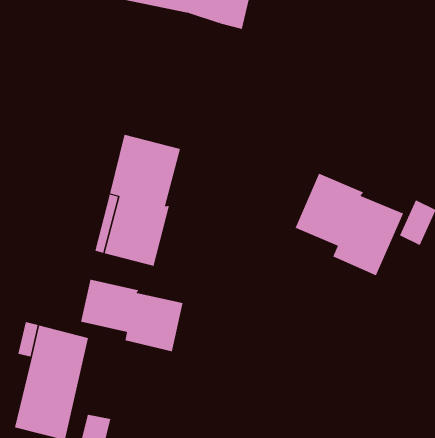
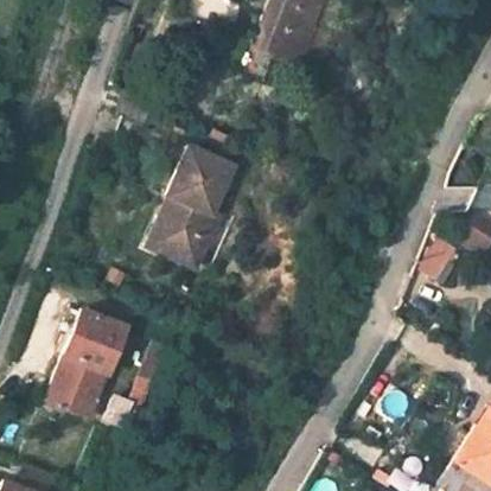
building: [295,173,404,276] -> none
building: [81,279,183,352] -> none

